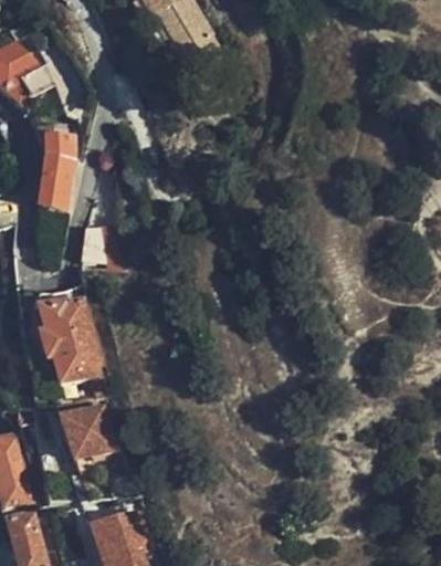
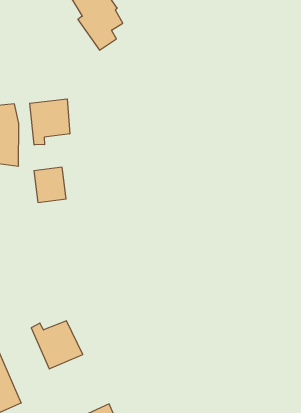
building: none -> [30,99,70,145]
building: [39,286,107,396] -> none

